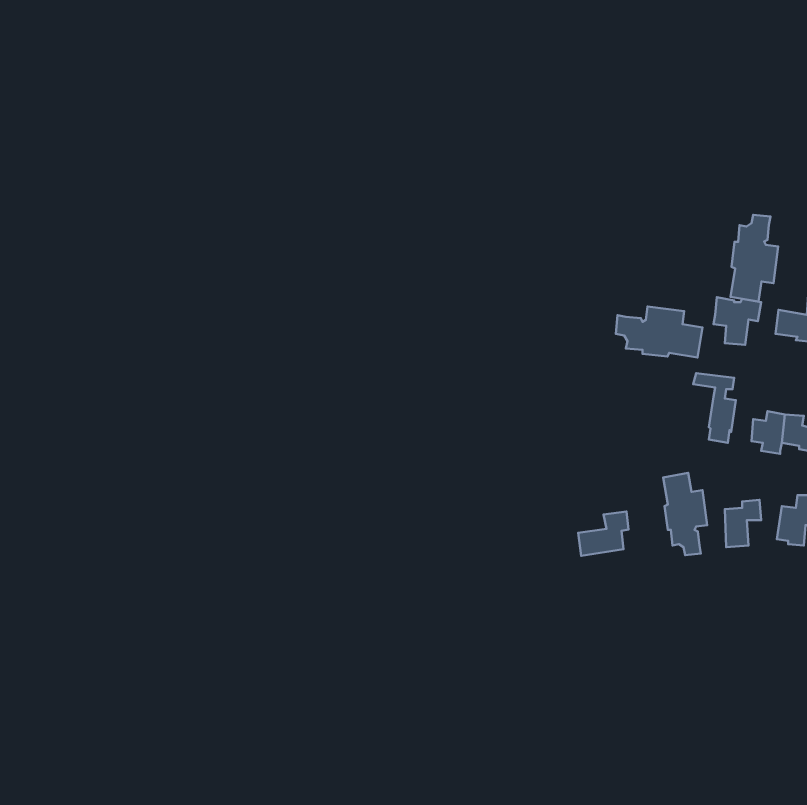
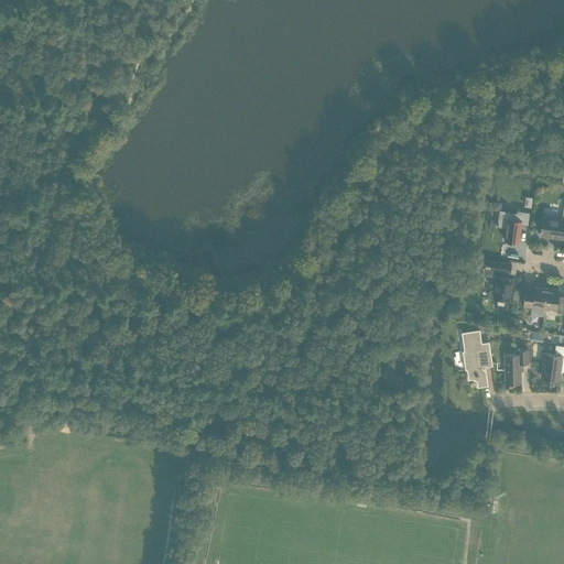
building: [730,215,778,302] -> none
building: [616,307,703,358] -> none
building: [578,511,629,556] -> none

